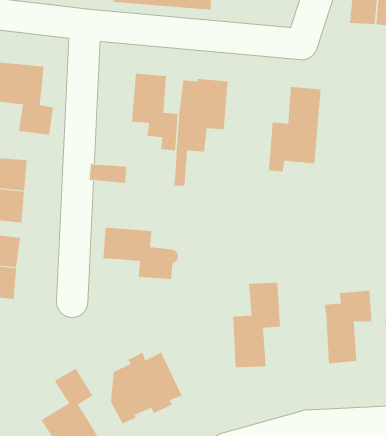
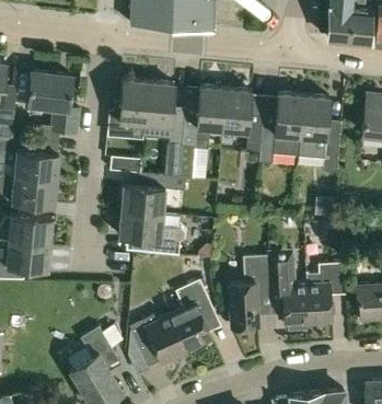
building: none -> [107,80,148,131]
building: none -> [222,89,262,152]
building: none -> [298,95,340,172]
building: none -> [123,174,185,213]
building: none -> [267,252,309,331]
building: none -> [170,279,212,350]

